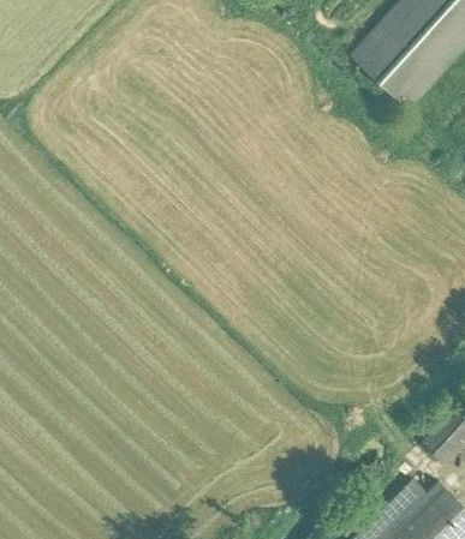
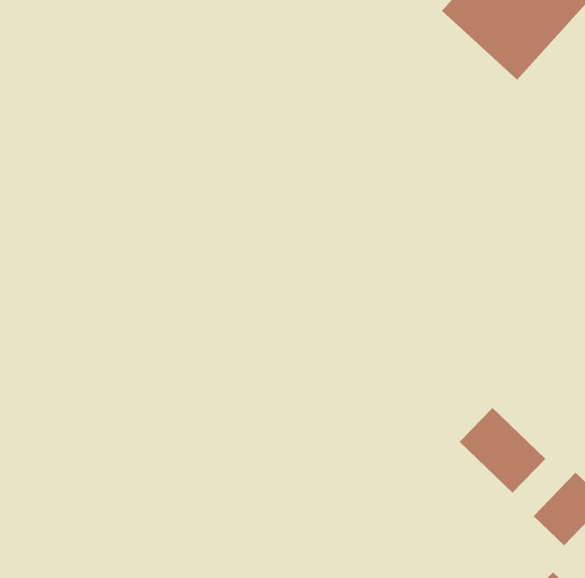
building: none -> [459,407,546,493]

